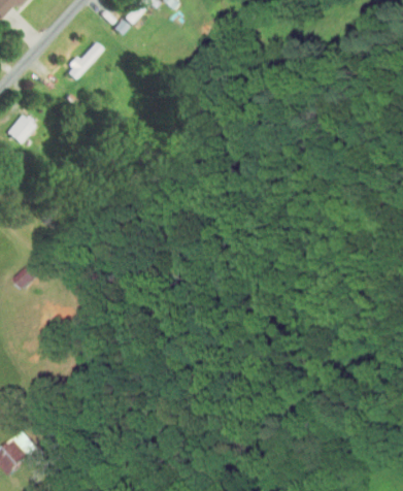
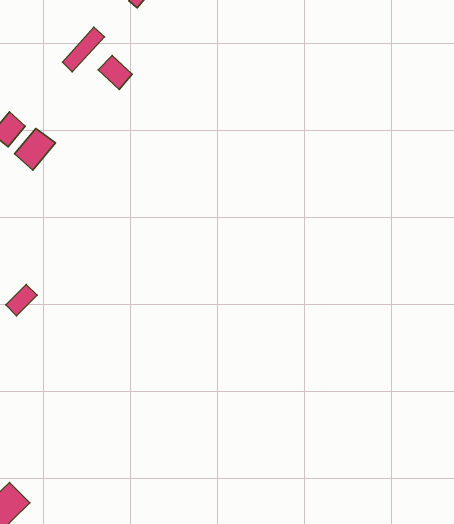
building: none -> [98,55,132,90]
building: none -> [15,128,56,170]

